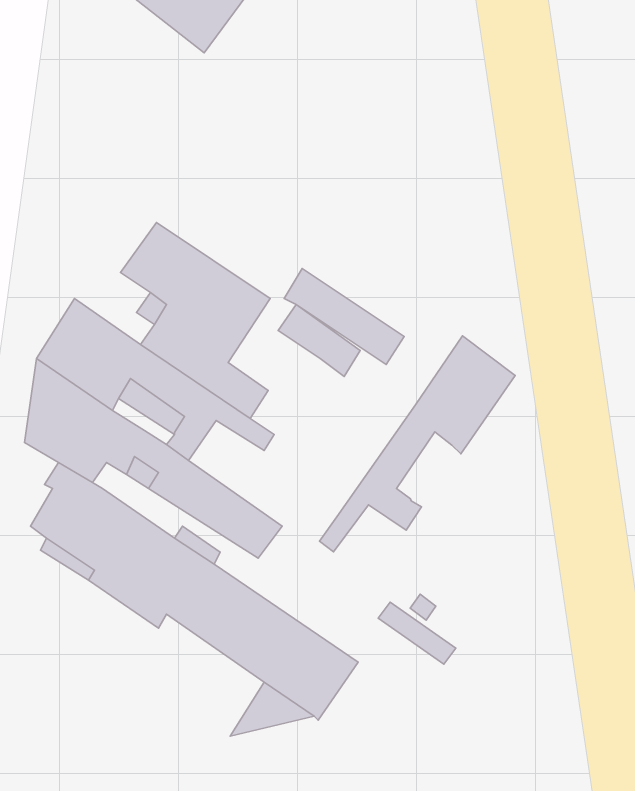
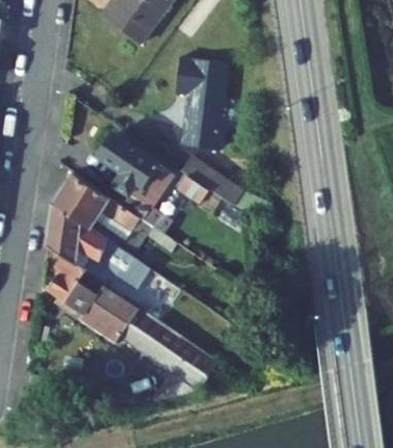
building: none -> [176,58,227,149]
building: [320,336,515,552] -> none

